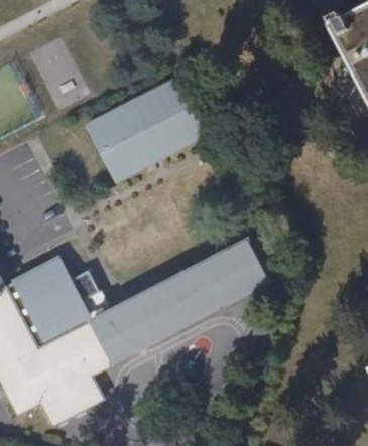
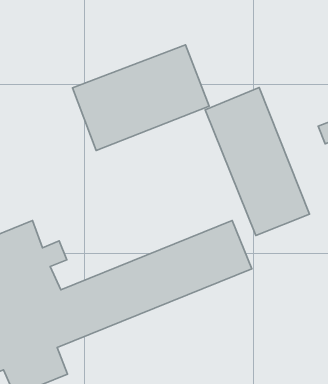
building: none -> [205,88,309,235]

